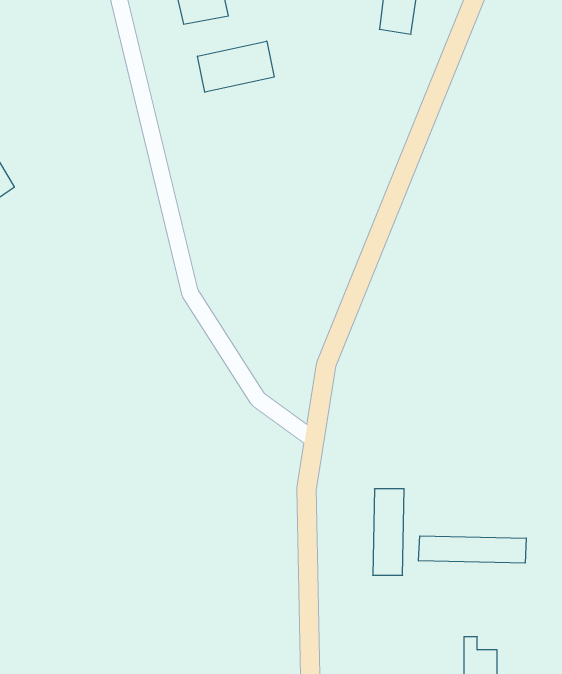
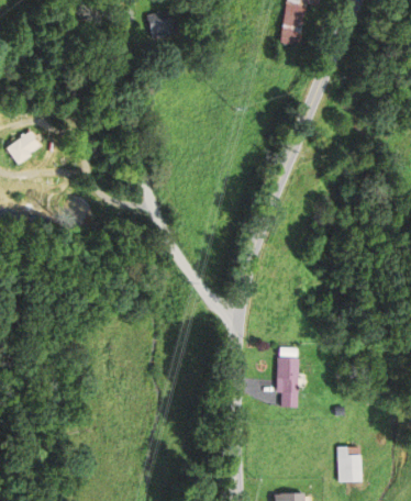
building: [198,41,274,92] -> none
building: [419,536,526,563] -> none

